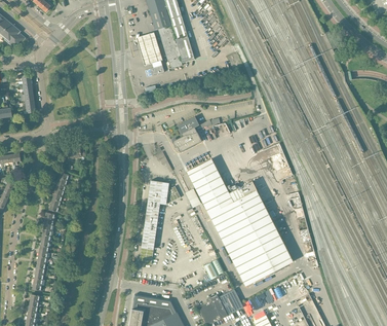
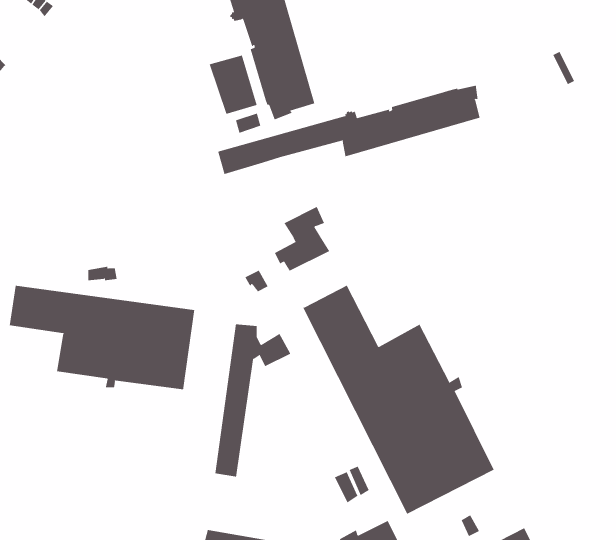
building: none -> [217,85,480,175]
building: none -> [9,285,195,390]

